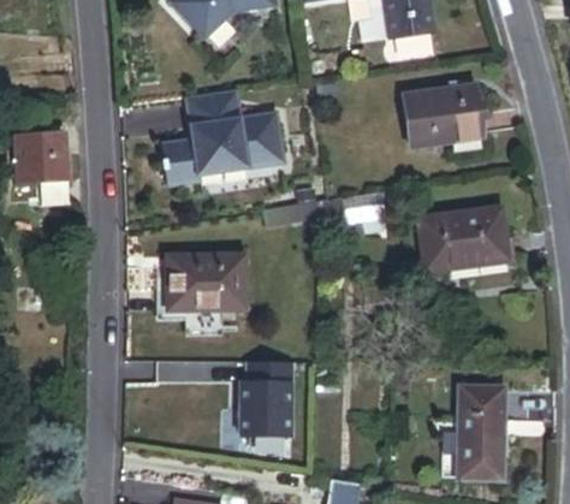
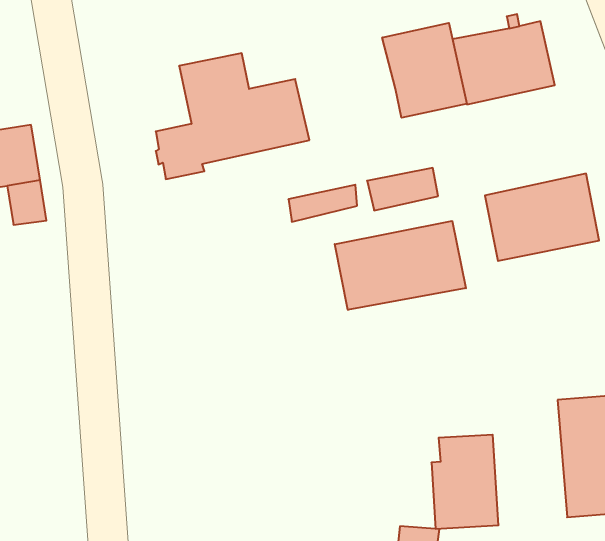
building: none -> [382,23,467,118]
building: none -> [335,221,466,310]
building: [164,256,242,312] -> none
building: [238,361,290,434] -> [431,435,499,529]

